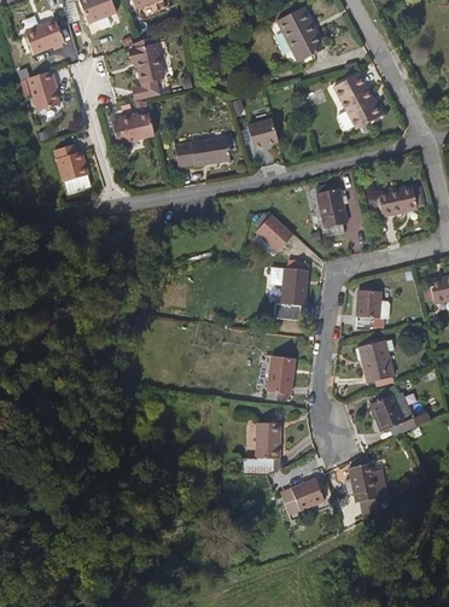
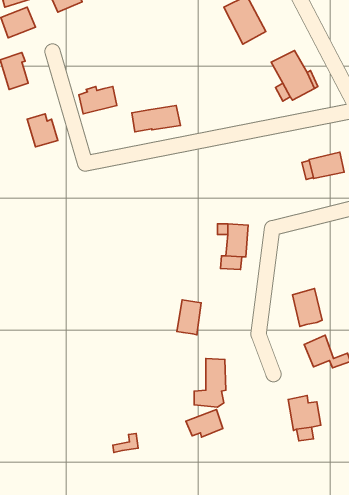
building: [130,36,165,99] -> none
building: [250,115,281,145] -> none
building: [316,188,345,237] -> none
building: [256,212,293,250] -> none
building: [350,291,386,332] -> none
building: [269,355,297,395] -> [177,300,201,335]
building: [285,480,327,512] -> [186,410,223,437]

